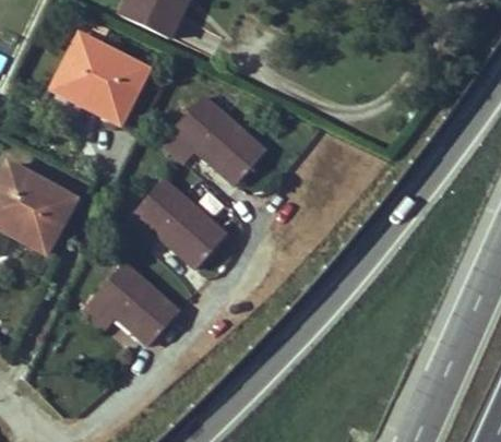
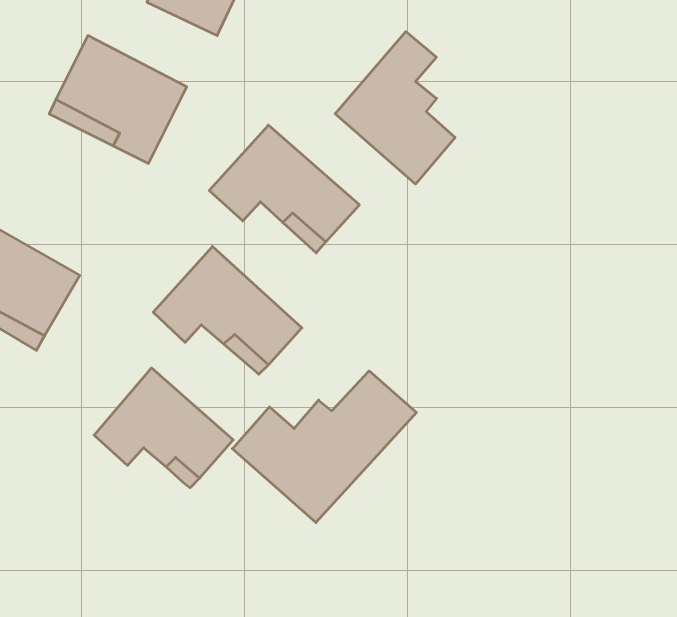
building: none -> [335,32,455,184]
building: none -> [232,371,416,523]

